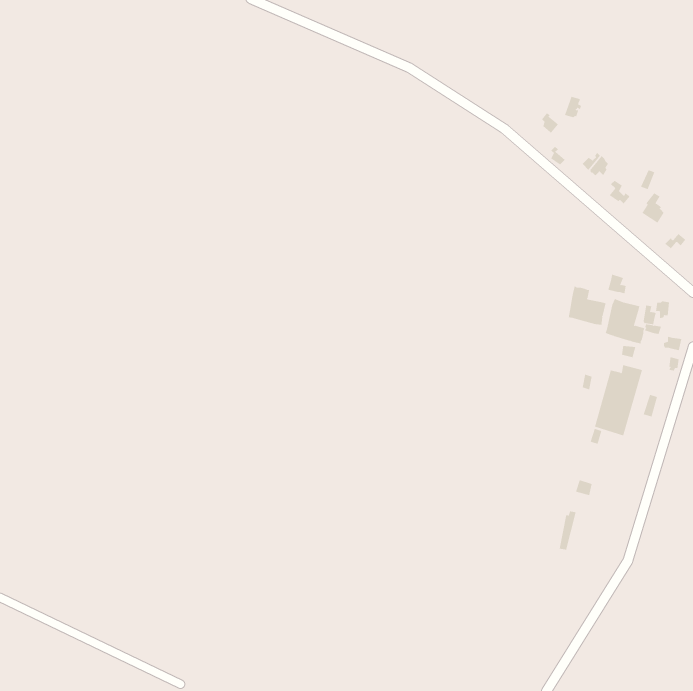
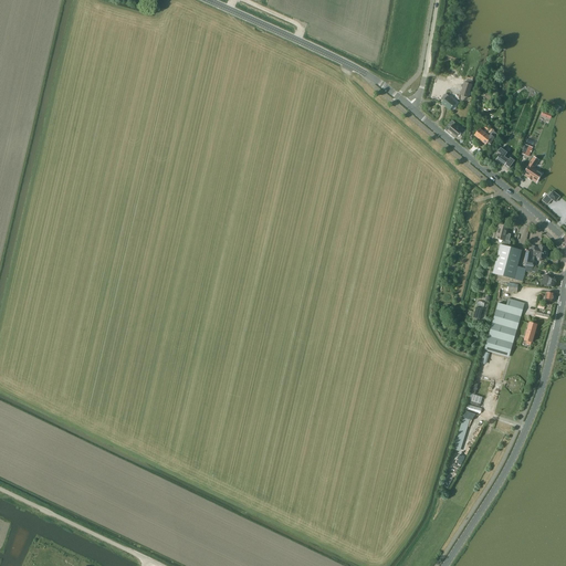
building: [568,286,606,326] -> none

